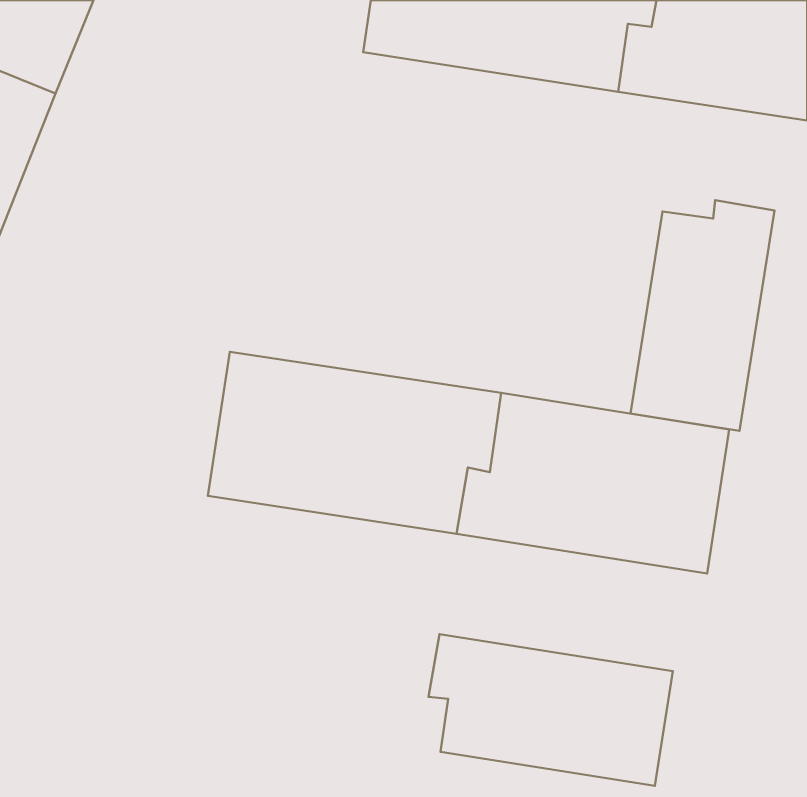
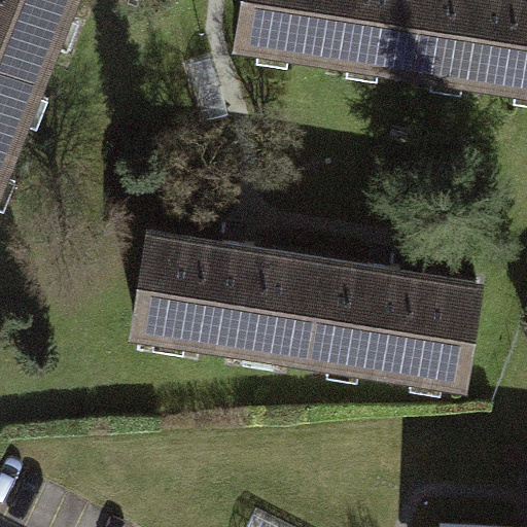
building: [631,200,775,431] -> none
building: [429,634,673,786] -> none

